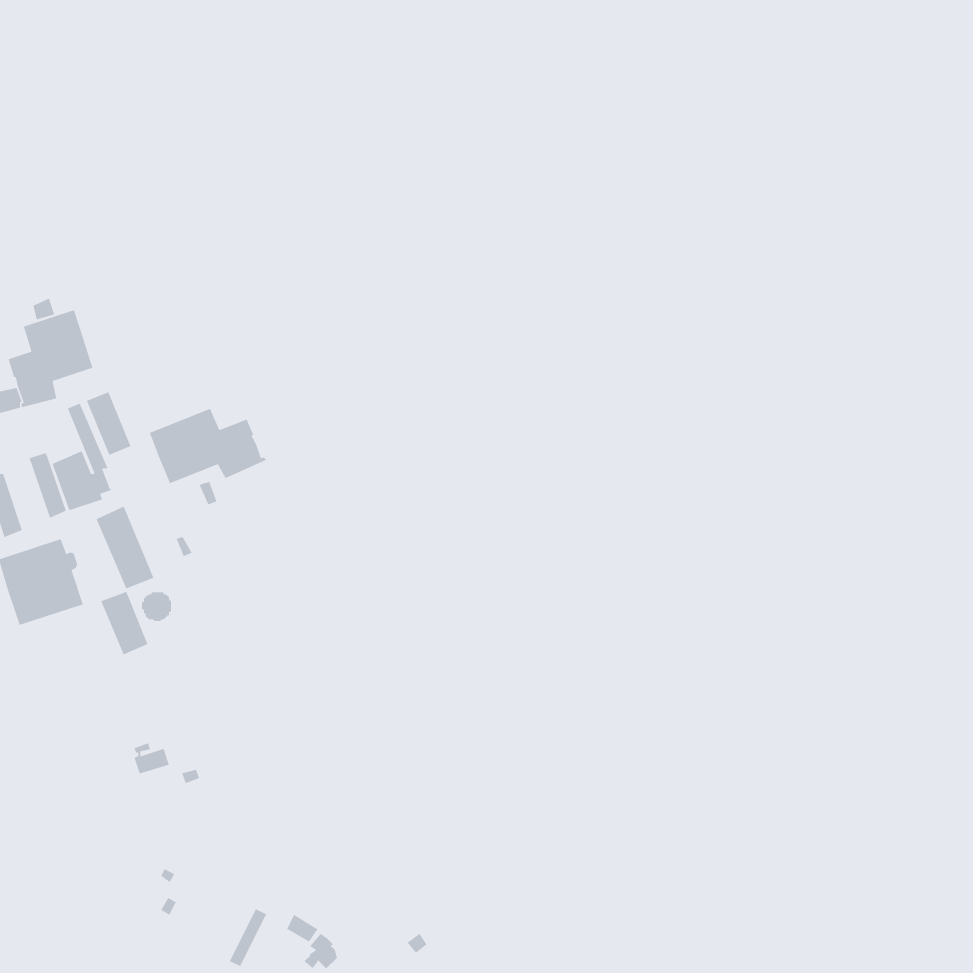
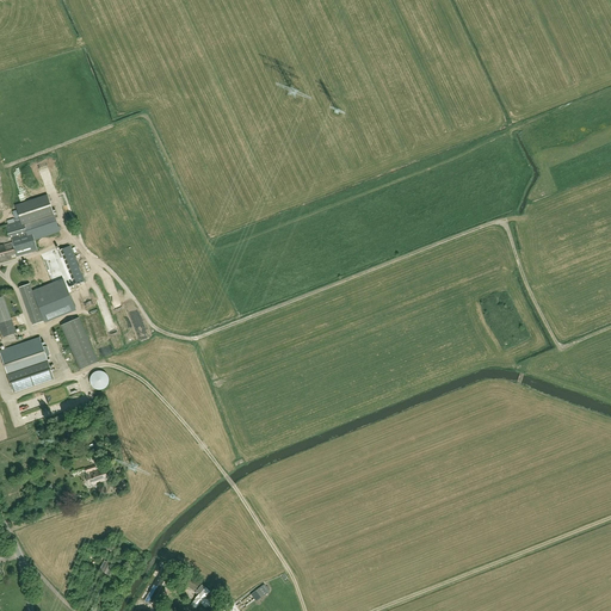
building: [149,408,267,484] -> none
building: [100,591,149,656] -> none

